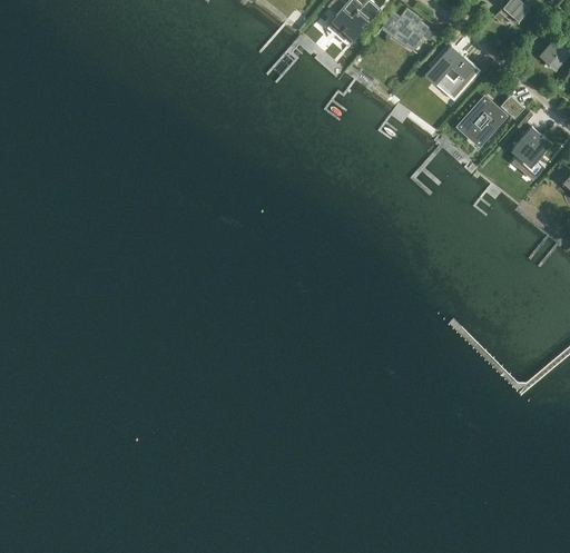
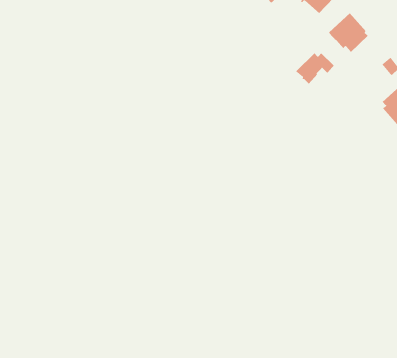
building: none -> [295,49,335,84]
building: [465,97,505,138] -> none

